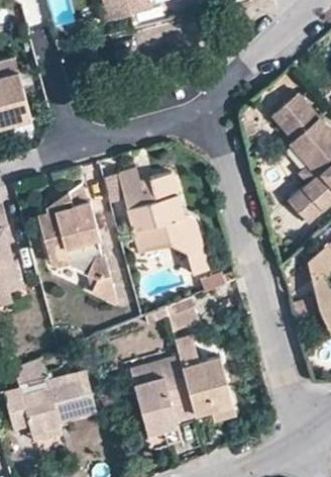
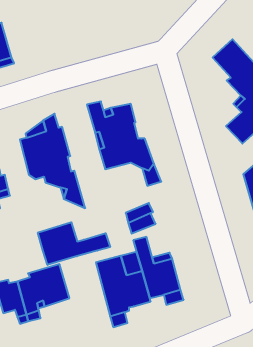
building: none -> [38,222,110,265]

